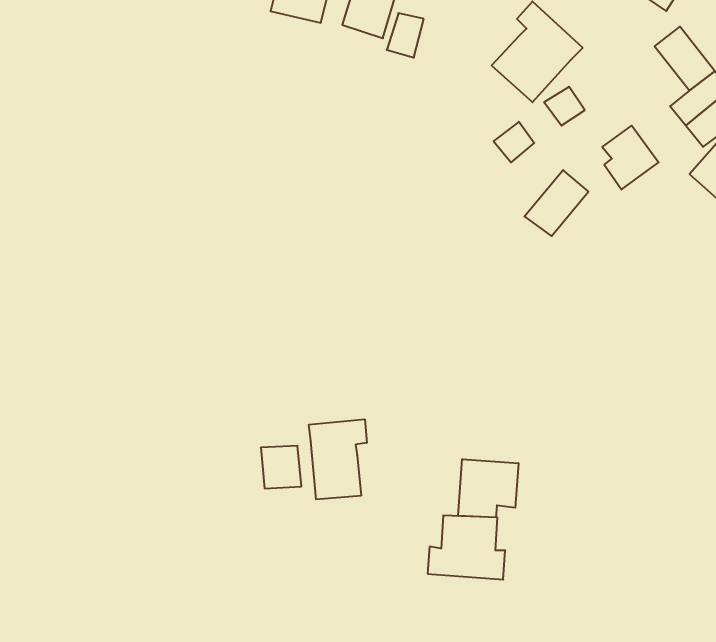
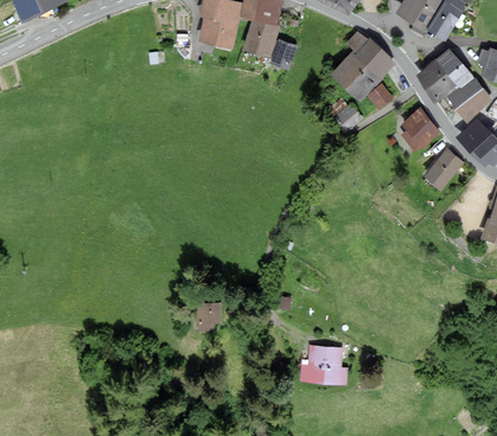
building: none -> [418,59,457,101]
building: [524,170,588,236] -> [422,148,461,188]
building: [309,419,367,499] -> none
building: [458,459,518,517] -> none

